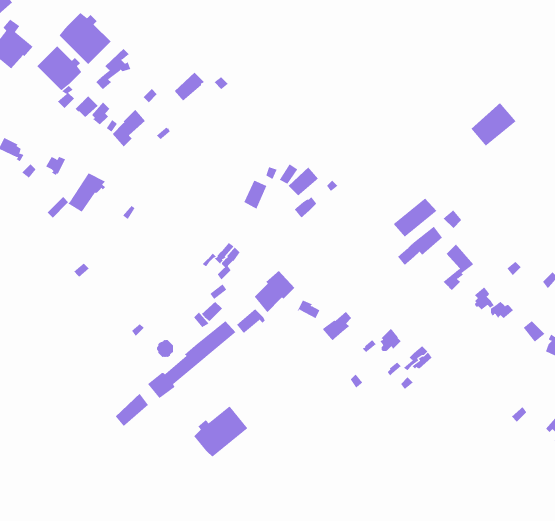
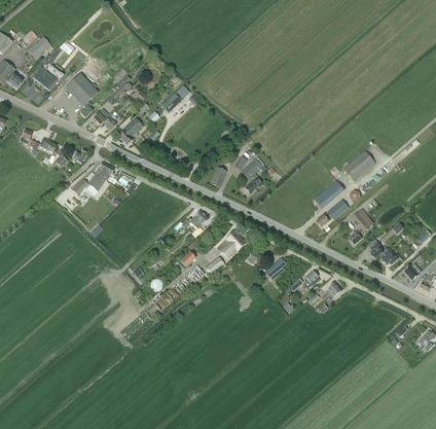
building: [59,12,111,65] -> none
building: [471,102,516,146] -> [343,149,375,180]
building: [193,405,248,457] -> none

